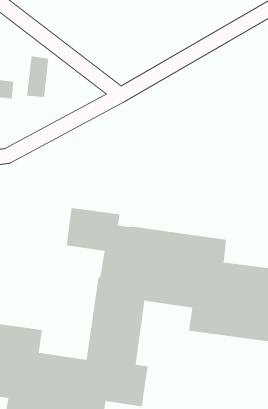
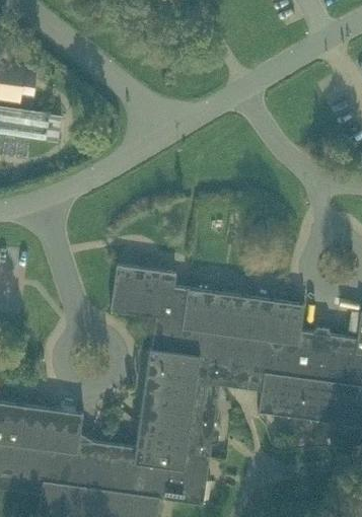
building: [27,56,49,98] -> none

